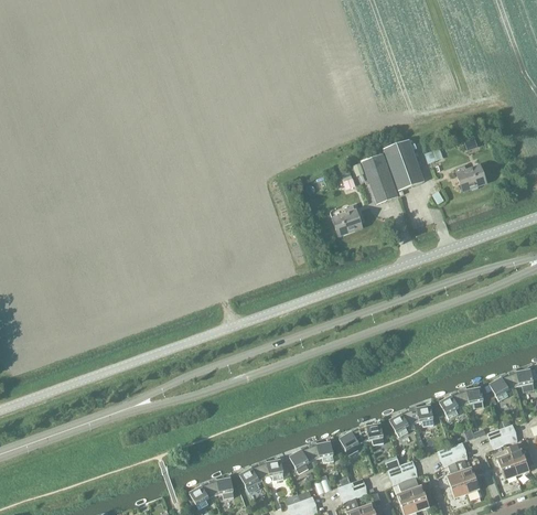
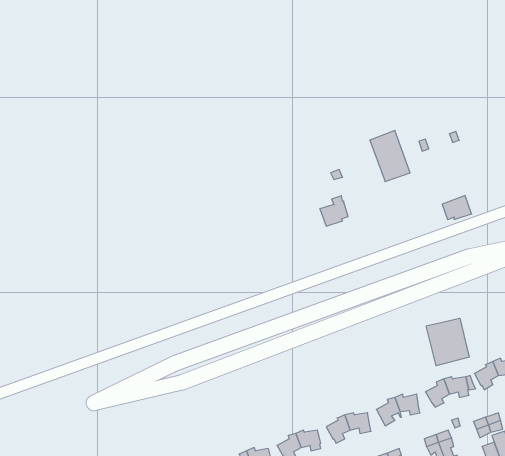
building: [361,152,397,203] -> none
building: [457,163,486,187] -> [442,195,472,219]
building: none -> [426,318,469,366]

